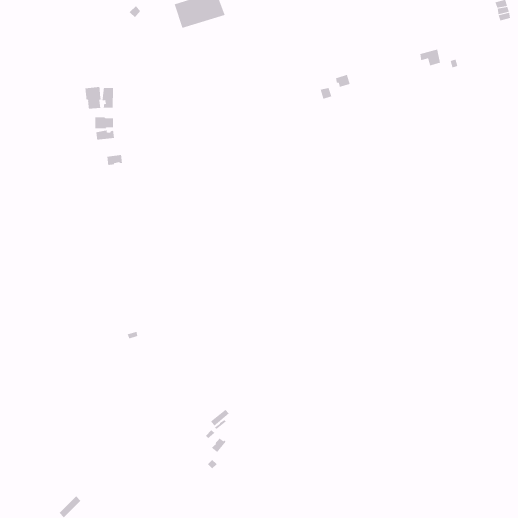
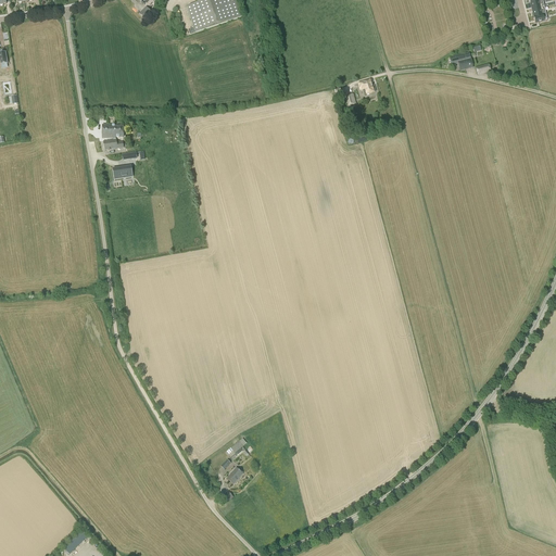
building: [85,86,114,110] -> none

